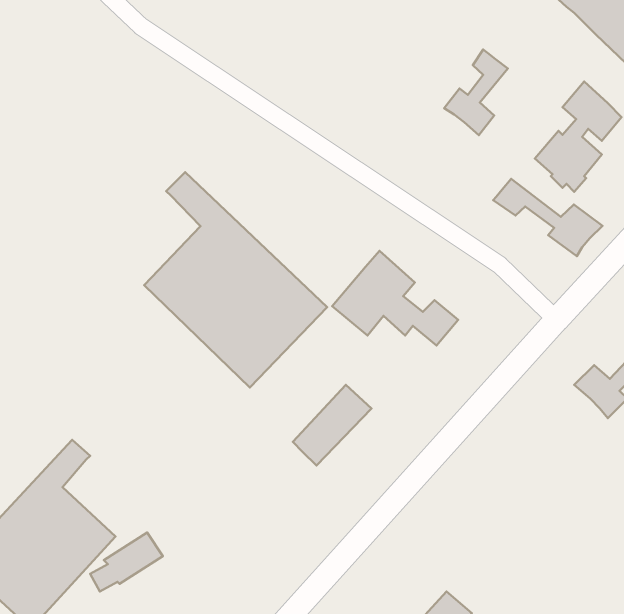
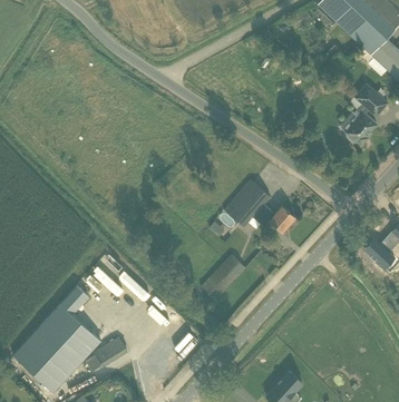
building: [444,50,508,135] -> none
building: [144,172,327,388] -> none
building: [493,179,603,256] -> none

